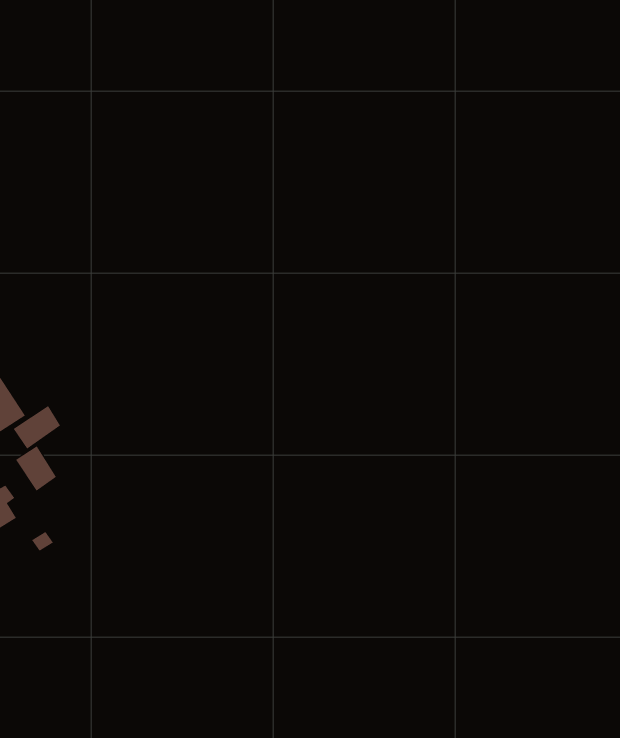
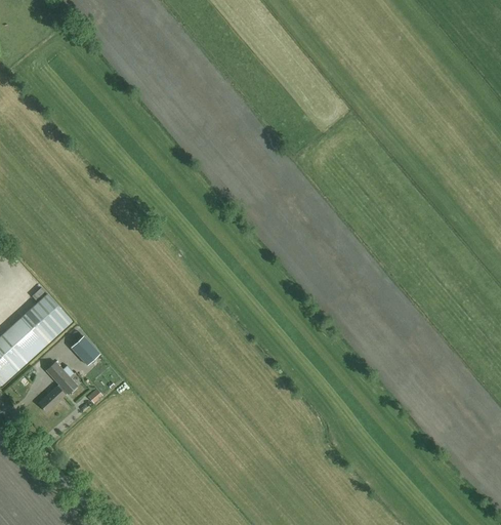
building: [13,405,61,449] -> none

